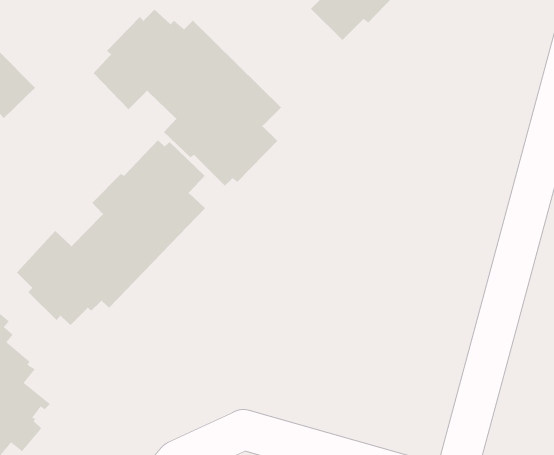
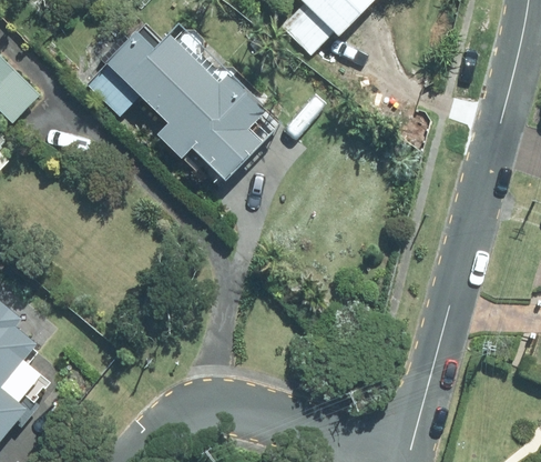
building: [16,140,206,326] -> none

